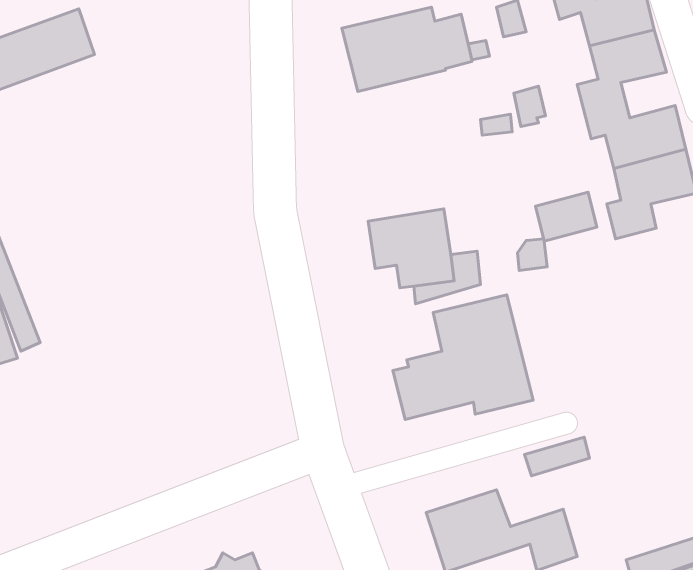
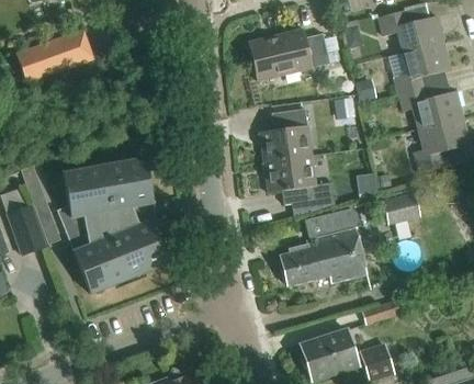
building: none -> [260,109,312,162]
building: [536,192,597,241] -> [383,193,421,224]
building: none -> [63,158,168,294]

